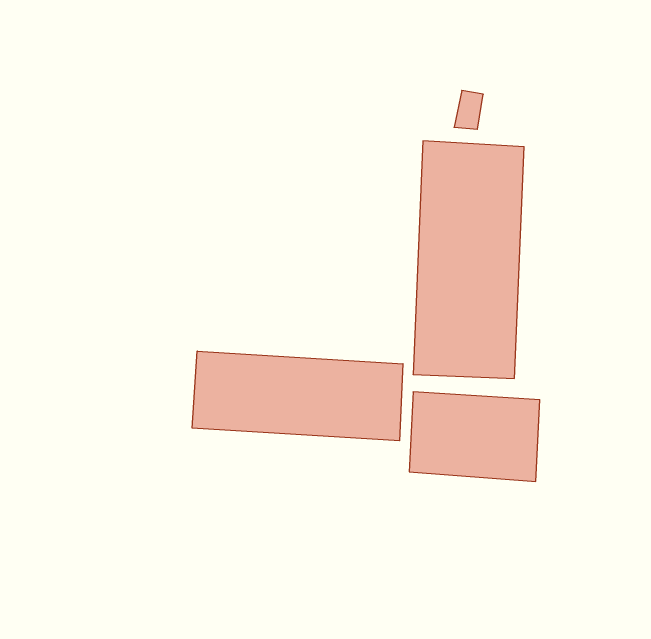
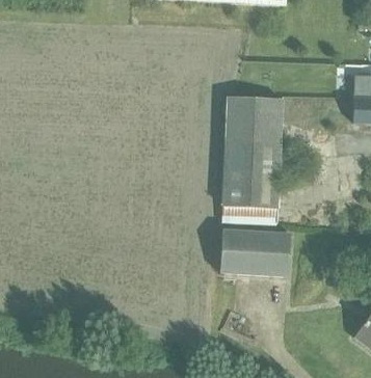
building: [192,351,403,441] -> none

